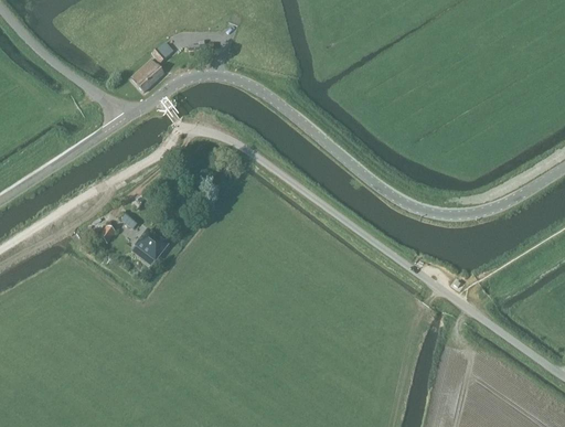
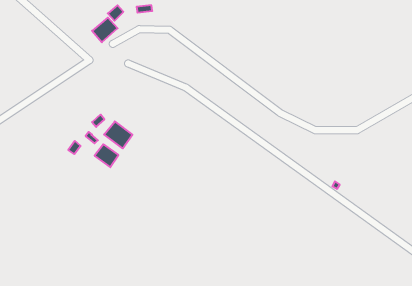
building: none -> [104,121,132,148]

